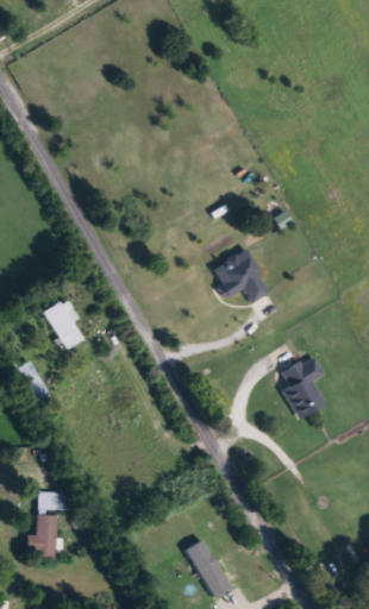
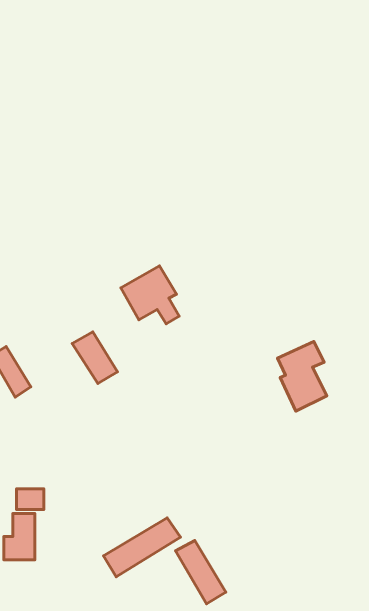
building: [209,249,263,302] -> [121,266,179,324]
building: [39,302,81,350] -> [72,332,117,383]
building: none -> [104,518,181,577]

